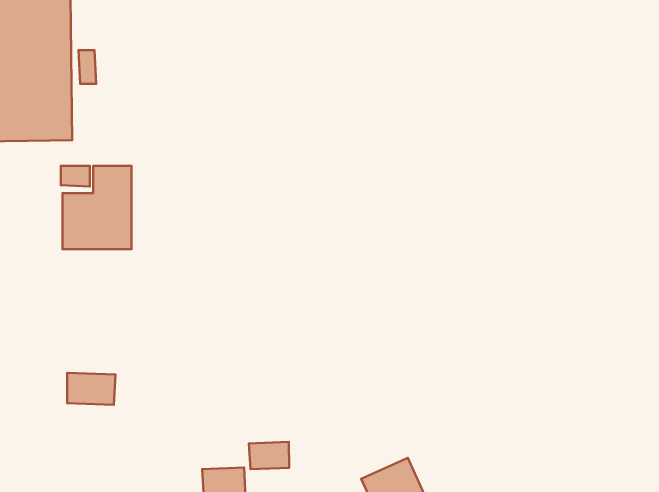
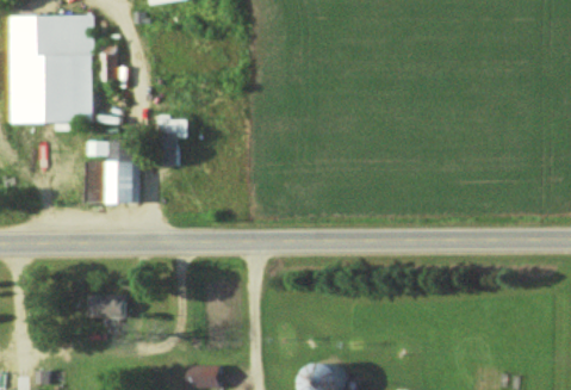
building: none -> [163,116,188,154]
building: [249,442,289,469] -> none

